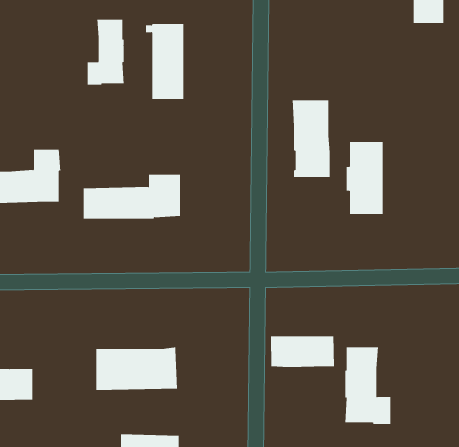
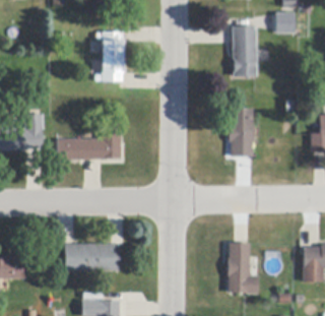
building: [87,19,124,85] -> none
building: [292,100,331,177] -> [232,25,257,76]
building: [270,335,334,368] -> none

